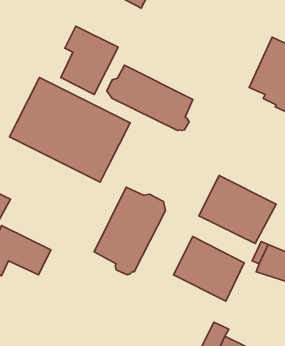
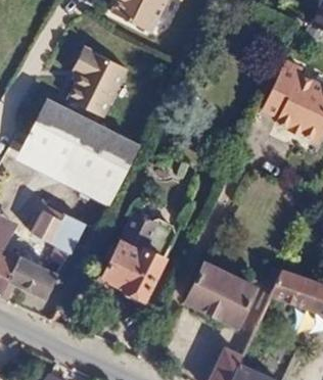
building: [107,65,193,131] -> none
building: [199,176,276,243] -> none
building: none -> [31,202,85,267]

